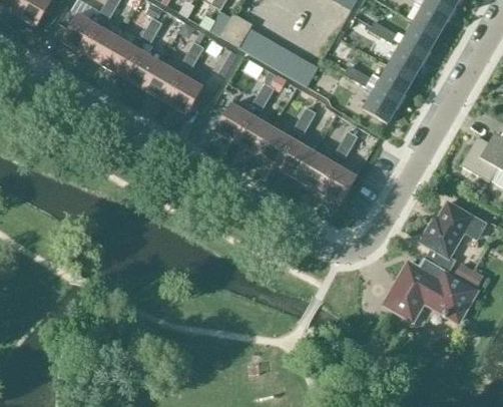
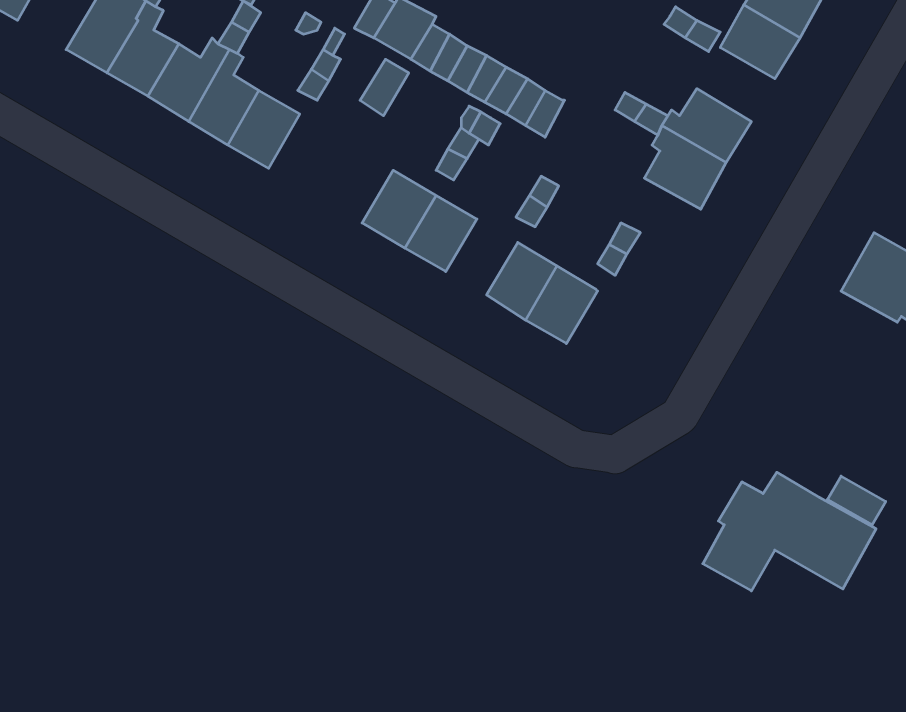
building: [387,40,427,78] -> none
building: [166,74,203,114] -> none
building: [258,128,295,167] -> none
building: [320,165,357,205] -> none
building: [422,202,488,272] -> none

